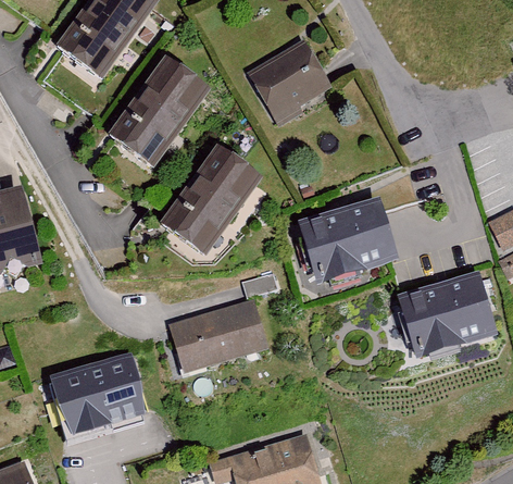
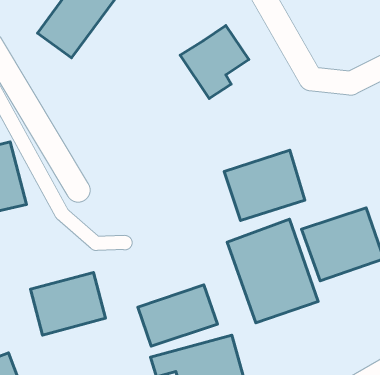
building: [107,54,210,166] -> none
building: [162,145,264,255] -> none
building: none -> [227,219,318,323]
building: [168,298,271,376] -> [138,285,218,346]

